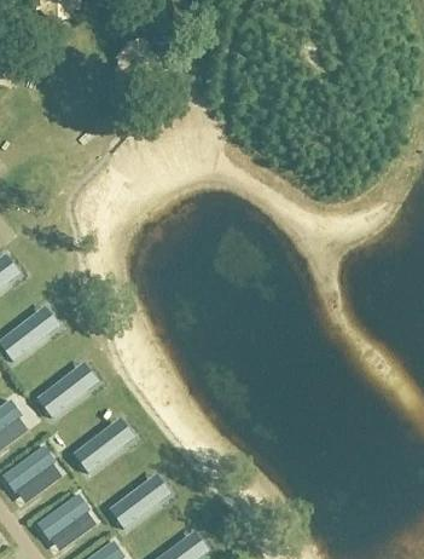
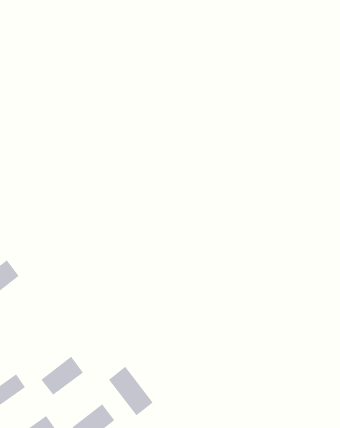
building: [36,369,87,416] -> none
building: none -> [108,366,154,416]

